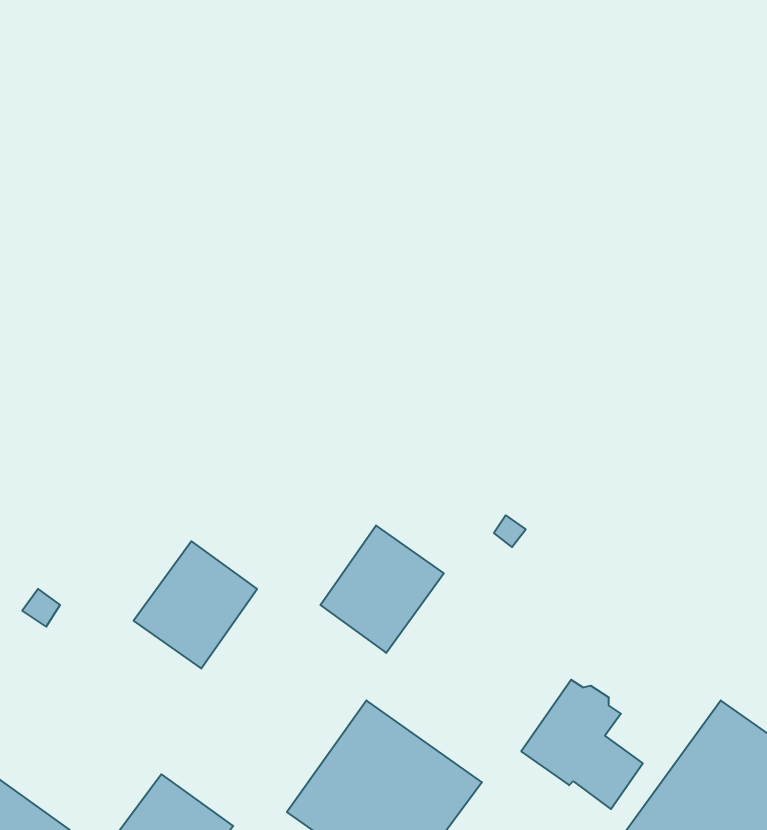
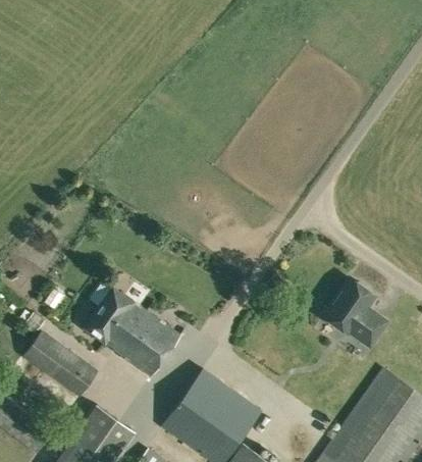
building: [320,525,444,653] -> [118,312,181,377]
building: none -> [22,330,99,398]
building: [521,680,643,809] -> [324,279,386,346]

